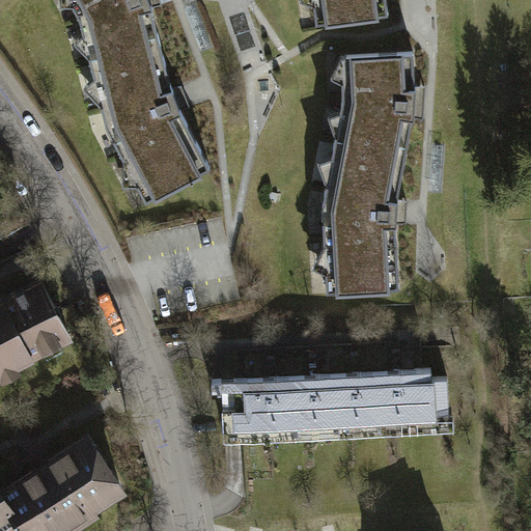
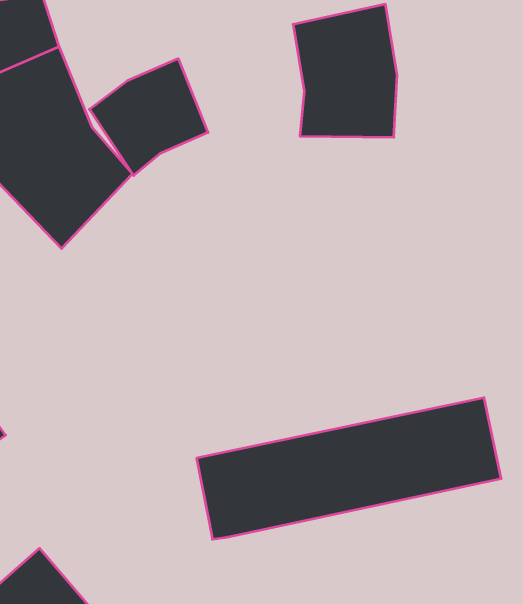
building: none -> [89,59,208,176]
building: [324,143,410,298] -> none

